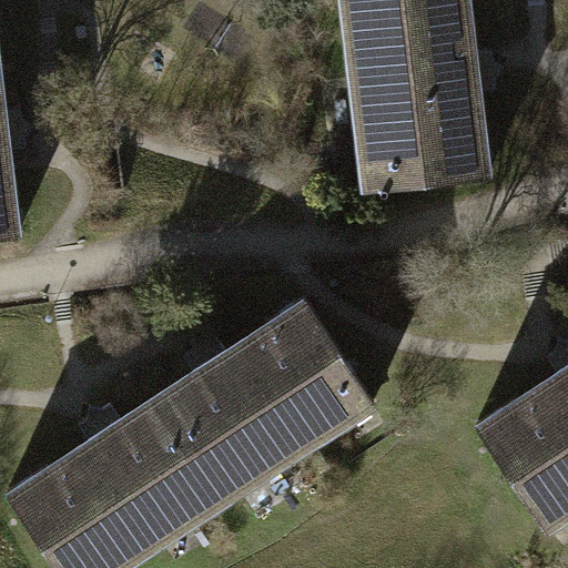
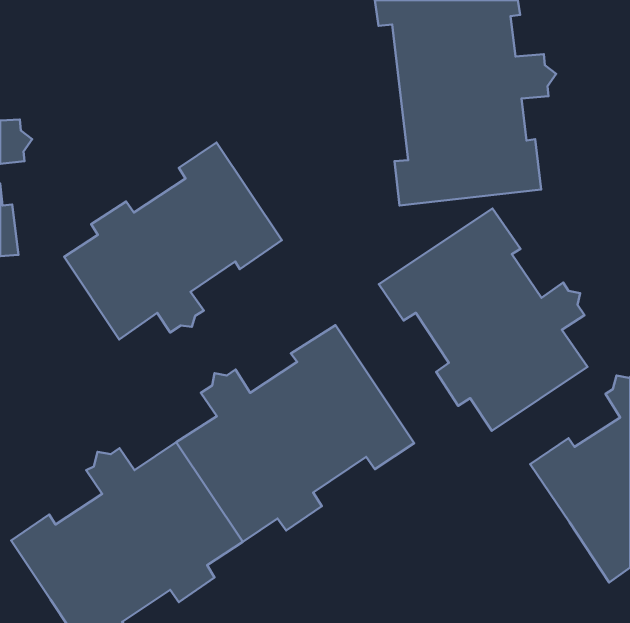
building: none -> [64,143,282,339]
building: none -> [379,208,588,431]

